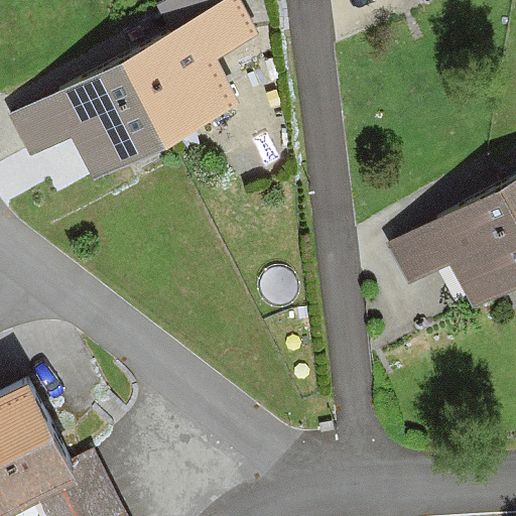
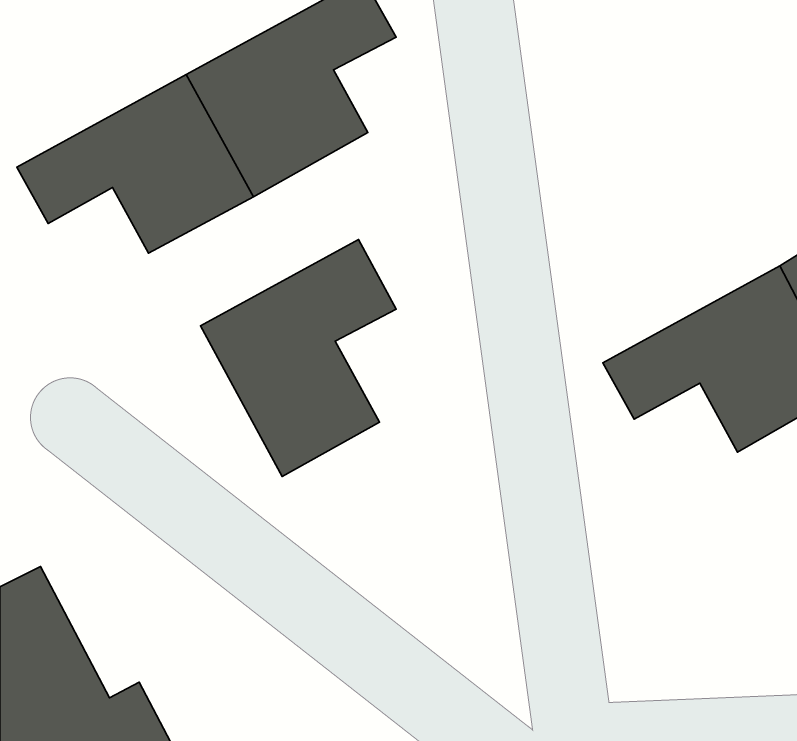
building: none -> [200,239,396,476]

